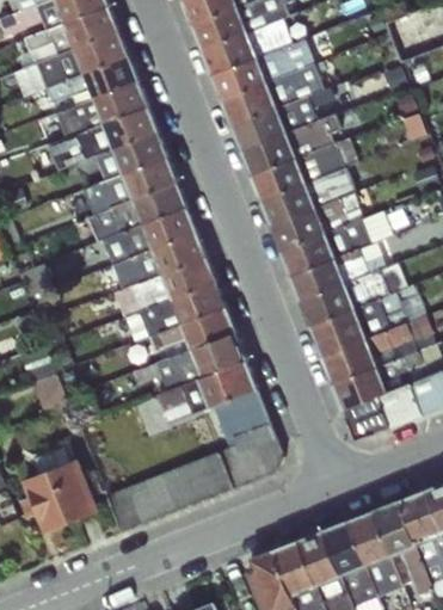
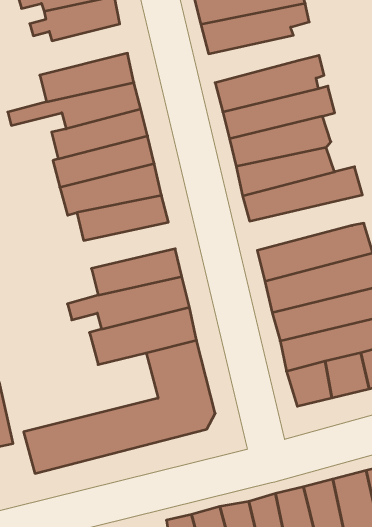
building: [232,86,336,149] -> none
building: [48,106,156,172] -> none
building: [290,241,386,300] -> none
building: [139,284,224,337] -> none

